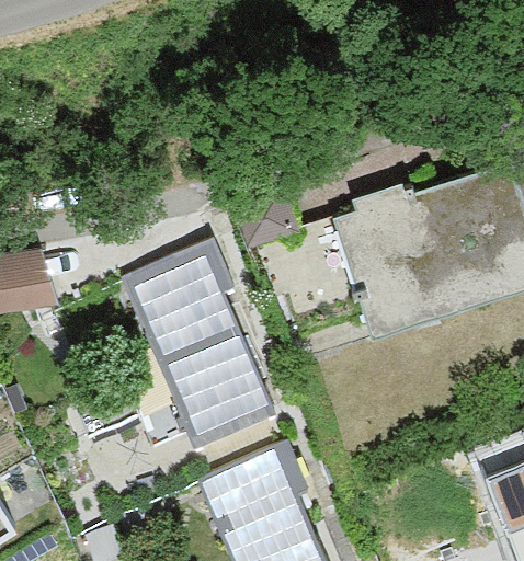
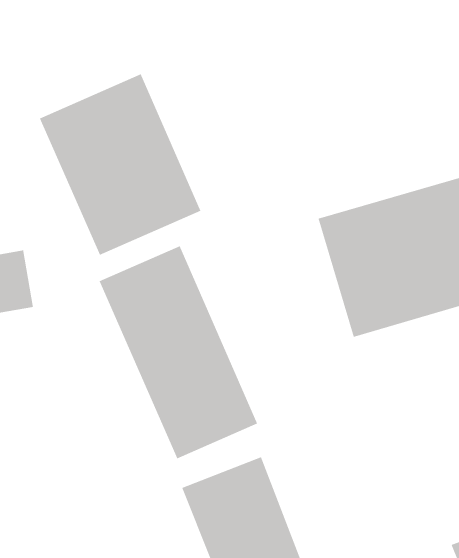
building: none -> [39,73,202,256]

